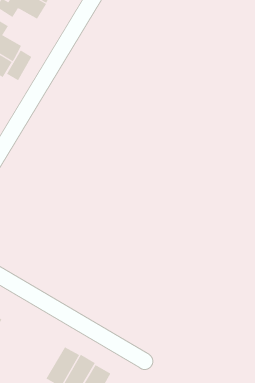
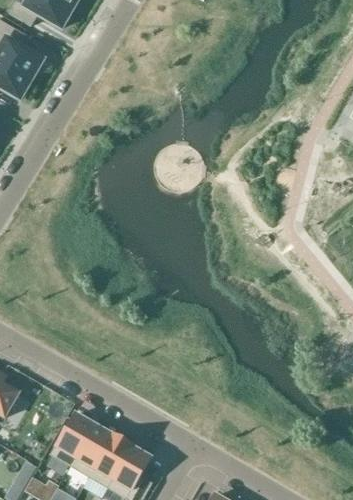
building: [6,49,32,81] -> none
building: none -> [52,412,95,463]

